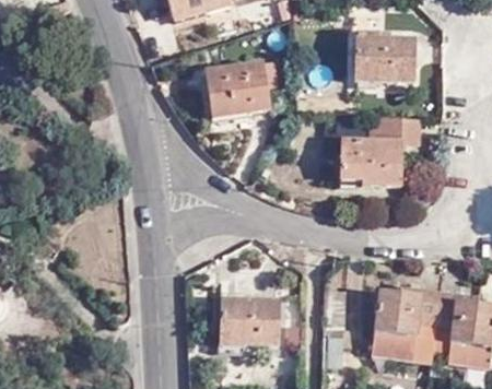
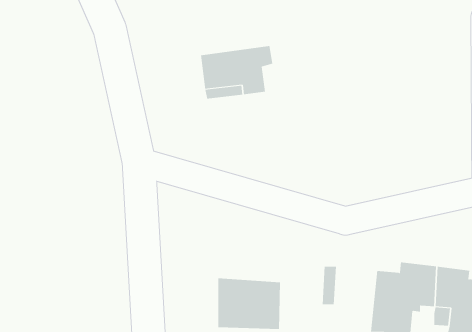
building: [344,28,411,81] -> none
building: [332,120,415,187] -> none

